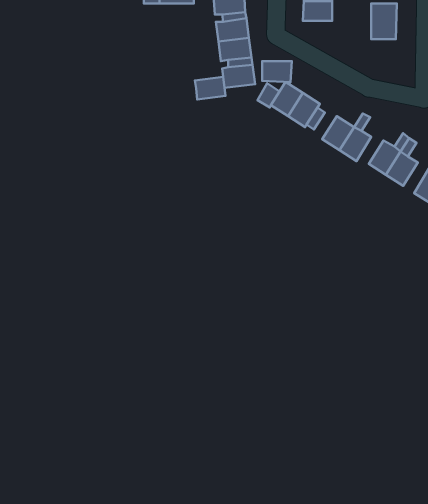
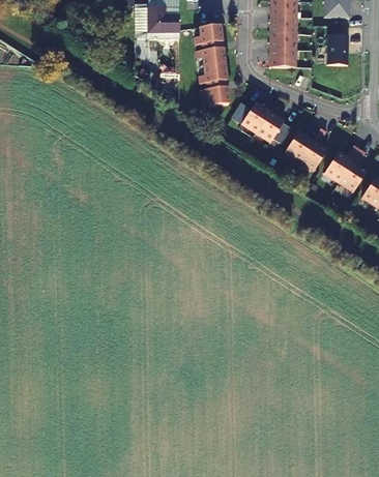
building: [262,61,292,82] -> [270,50,295,67]
building: [195,77,226,99] -> none

